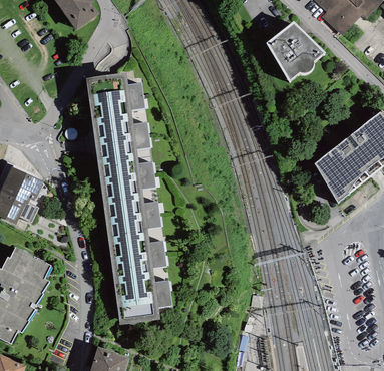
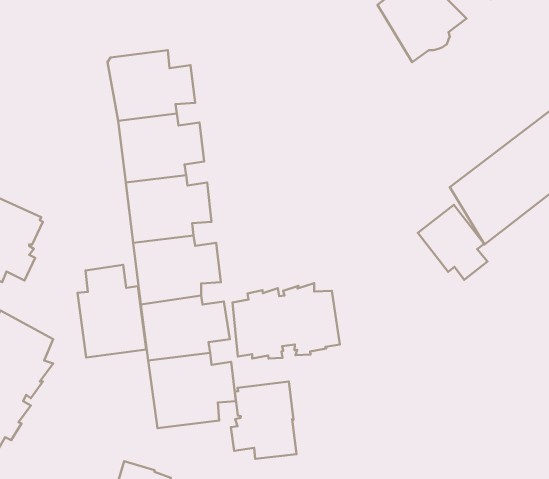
building: none -> [418,205,487,280]
building: none -> [77,265,146,358]
building: none -> [233,283,340,359]
building: none -> [231,382,296,459]

